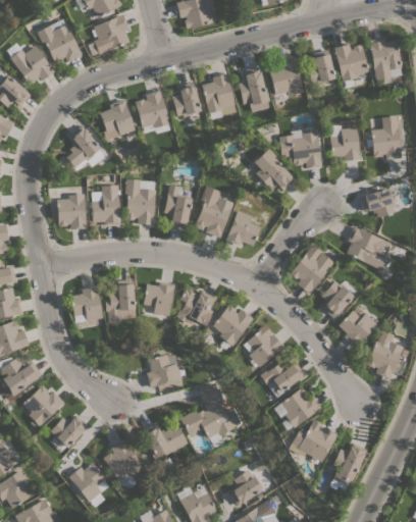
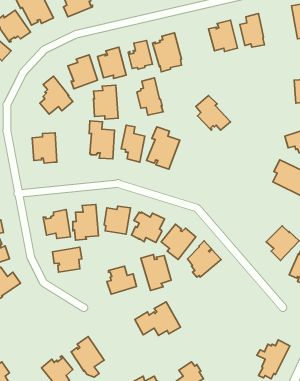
building: [334,44,369,83] -> none
building: [239,67,270,112] -> [137,78,163,115]
building: [330,125,361,161] -> none
building: [279,130,322,168] -> none
building: [92,186,121,226] -> [94,85,118,119]
building: [226,210,261,247] -> none
building: [291,244,335,294] -> none
building: [321,280,355,319] -> none
building: none -> [52,247,82,272]
building: none -> [141,254,171,291]
building: [260,361,306,397] -> none
building: [23,385,65,427] -> none
building: [273,387,322,431] -> none
building: [51,416,89,452] -> none
building: [289,419,337,462] -> none
building: [143,424,189,458] -> none

